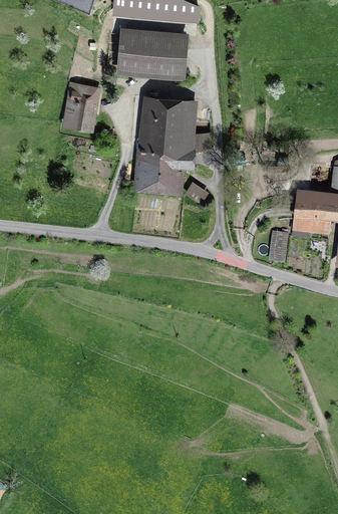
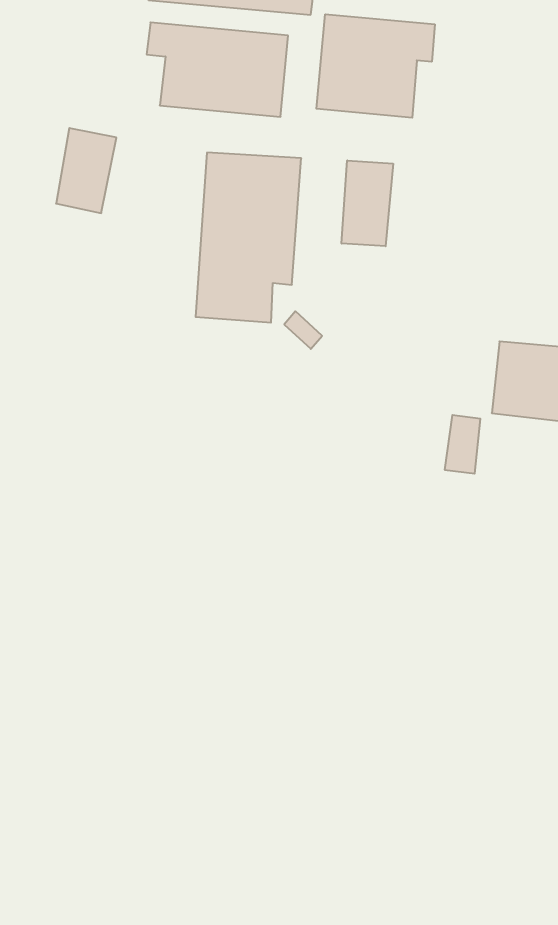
building: none -> [316,14,435,118]
building: none -> [342,160,393,246]

